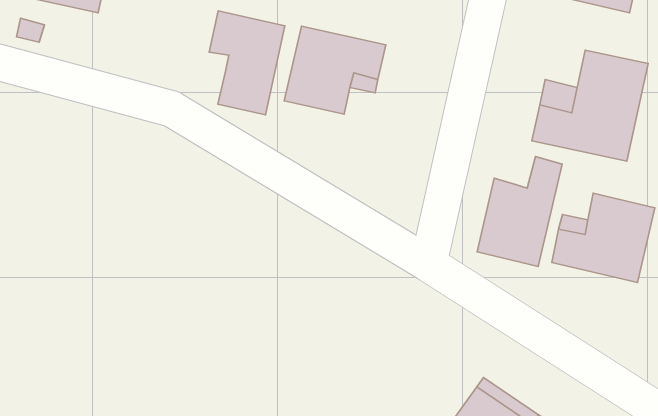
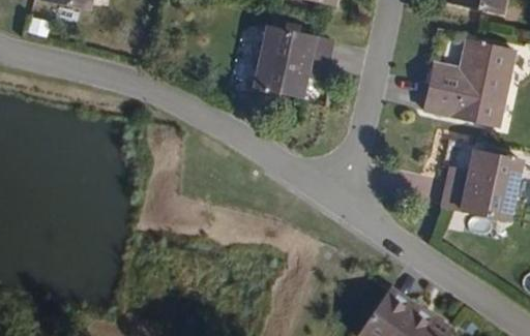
building: [209,11,285,115] -> none
building: [477,156,562,266] -> none

